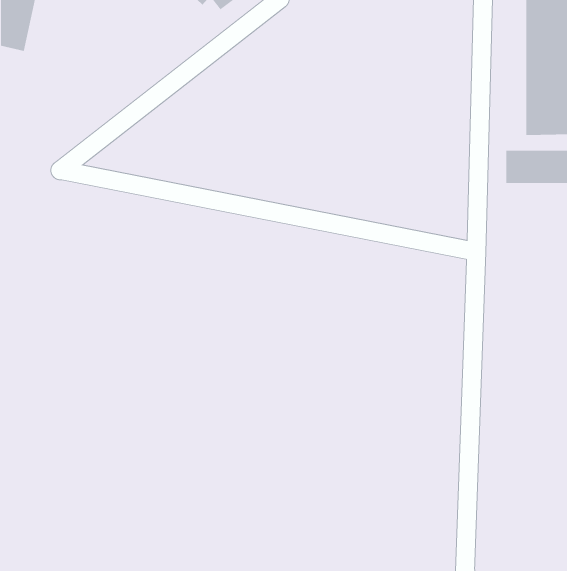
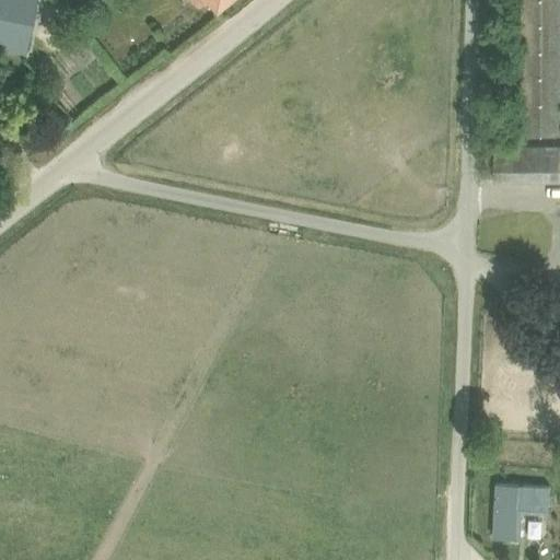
building: none -> [498,481,555,536]

